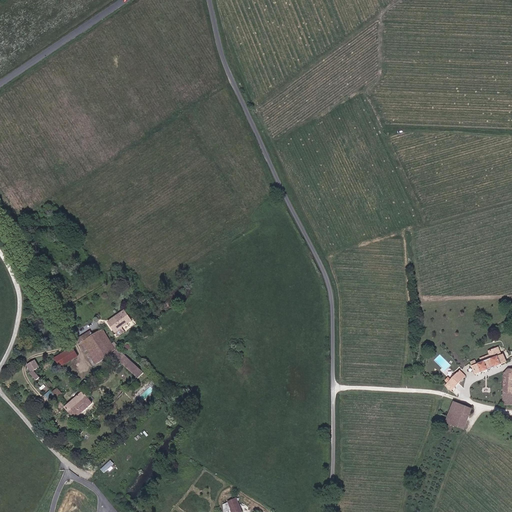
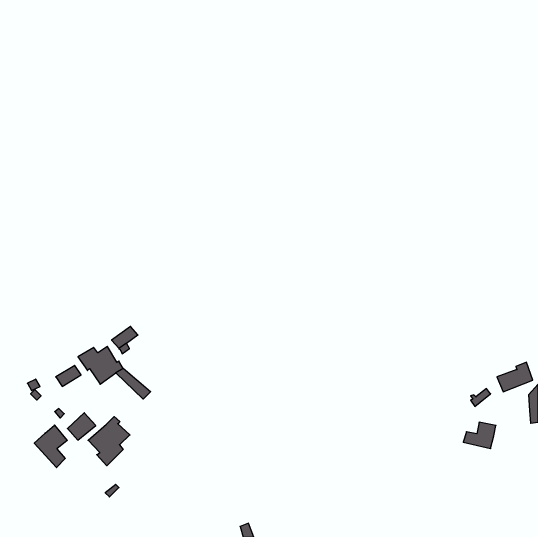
building: none -> [88,417,130,466]
building: none -> [34,425,67,468]

